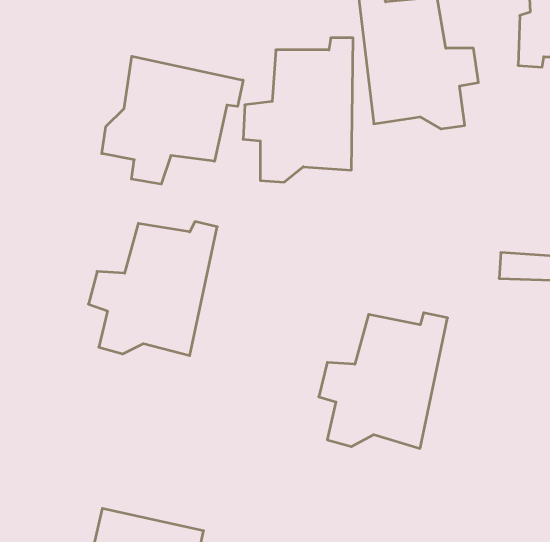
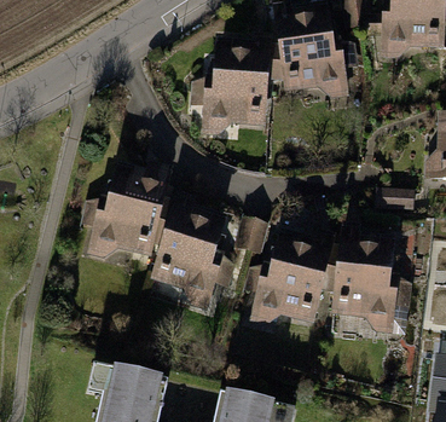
building: [102,56,243,184] -> none
building: none -> [155,193,228,310]
building: none -> [335,225,398,333]

